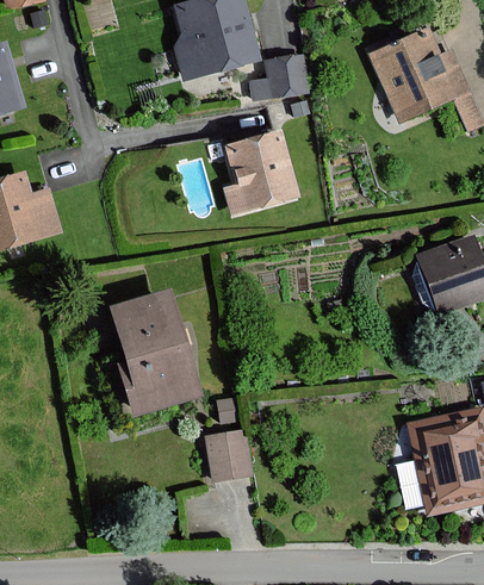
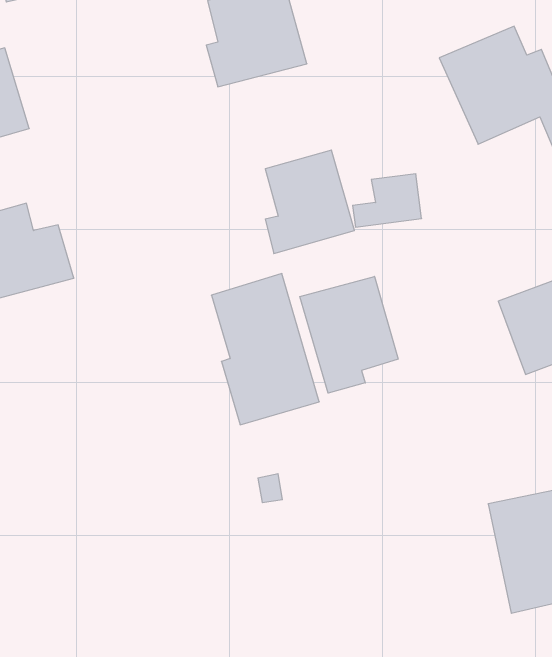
building: [250,54,308,98] -> [353,174,422,227]
building: none -> [300,276,398,393]
building: [108,288,198,413] -> [211,274,319,425]
building: [209,432,252,479] -> none

